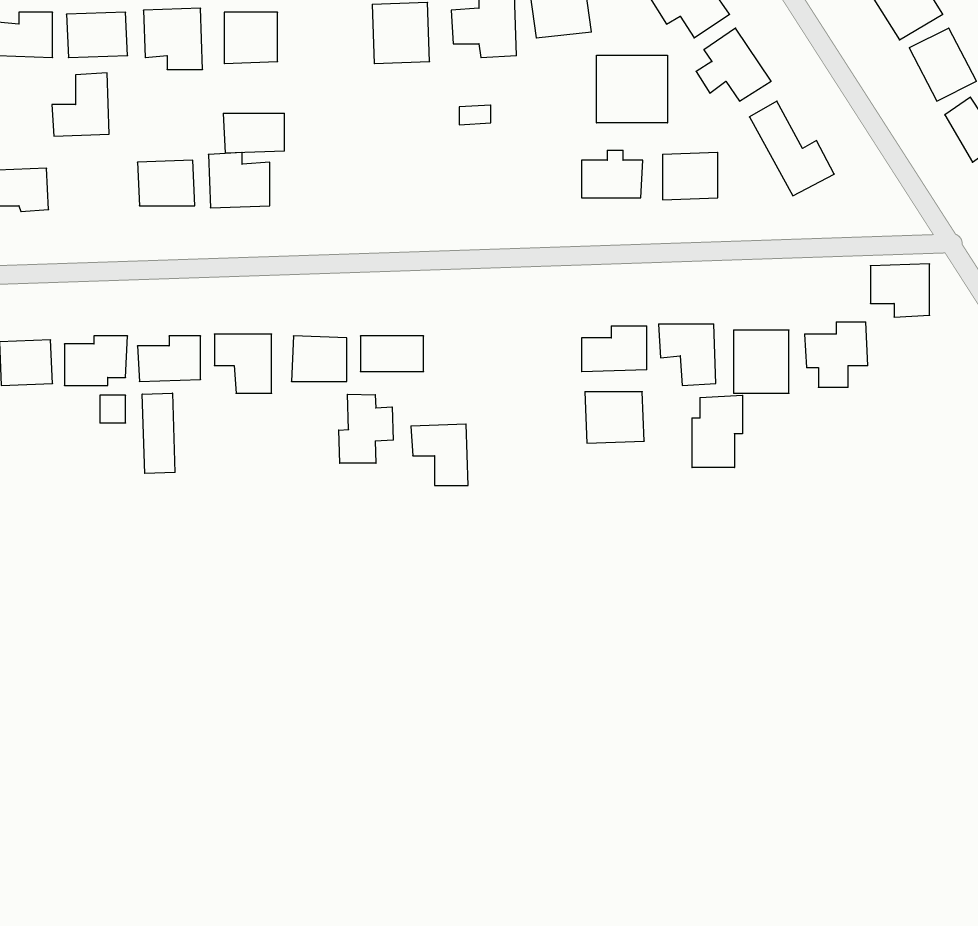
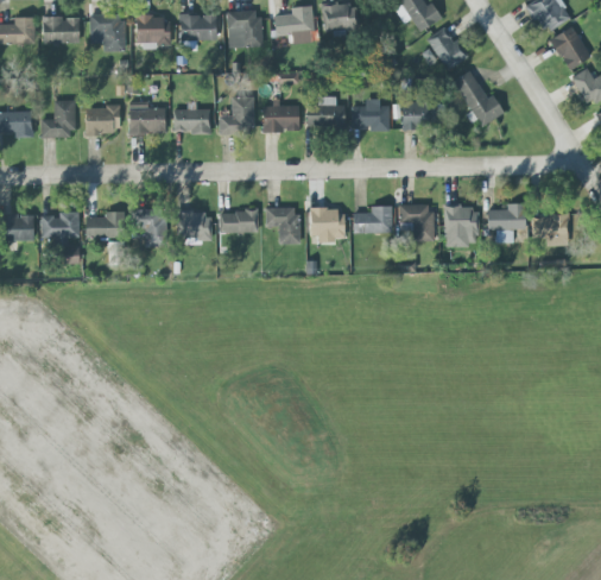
building: none -> [179,14,216,42]
building: [597,55,667,123] -> none
building: [52,73,109,136] -> [40,100,75,138]
building: [223,113,284,153] -> [173,109,210,133]
building: none -> [306,96,344,127]
building: none -> [219,97,254,133]
building: none -> [262,103,299,132]
building: [870,264,930,317] -> [532,214,568,246]
building: [585,392,644,443] -> [310,209,346,240]
building: [142,393,175,473] -> none
building: [339,394,393,463] -> none
building: [692,395,742,468] -> none
building: [411,424,468,485] -> [265,207,299,244]

